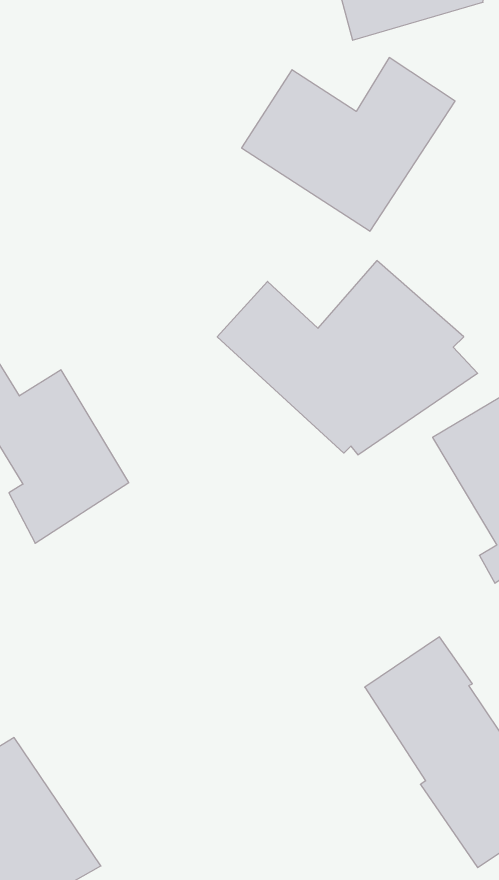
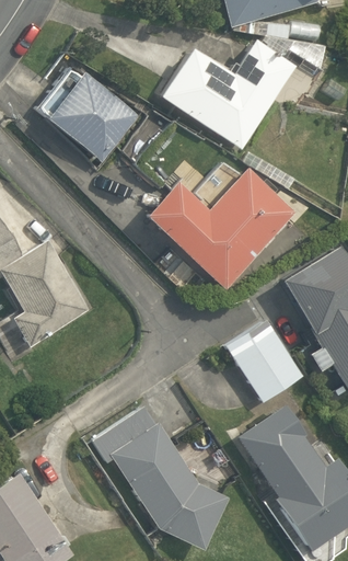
building: none -> [40,68,139,163]
building: none -> [227,319,304,402]
building: none -> [93,405,230,549]

